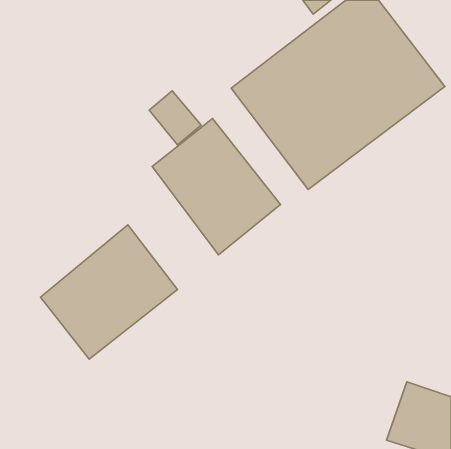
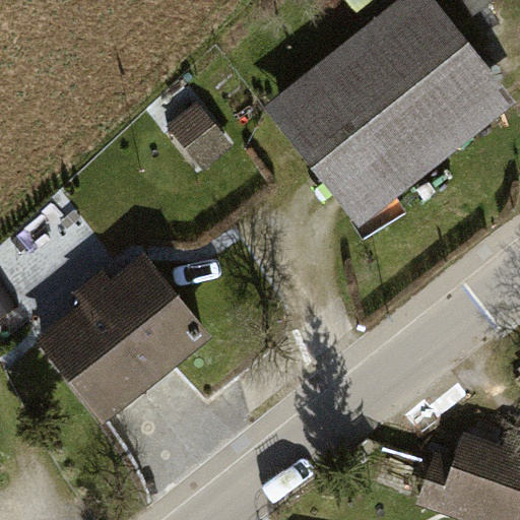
building: [152,119,280,255] -> none

